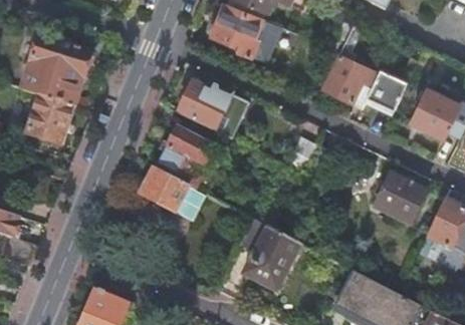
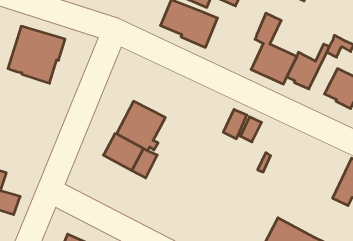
building: [176,81,247,137] -> none
building: [25,93,72,142] -> none
building: [373,173,426,224] -> none
building: [242,219,301,289] -> none

